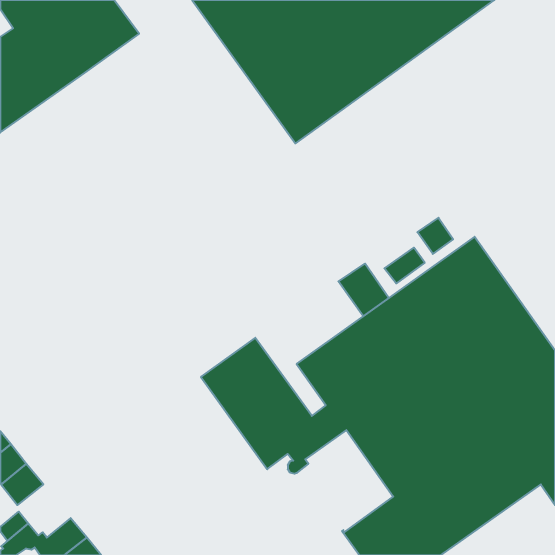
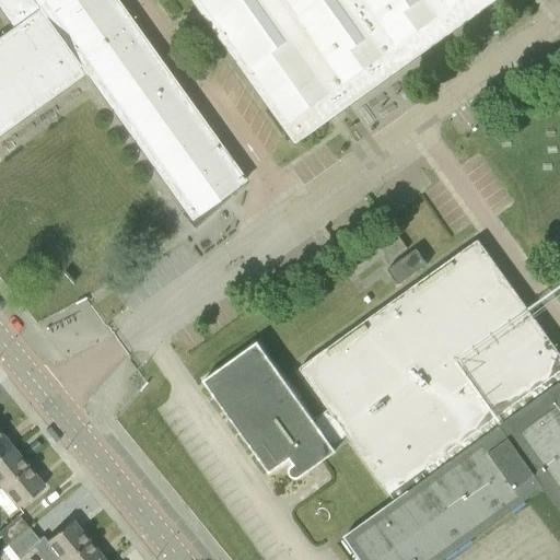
building: none -> [85,34,245,221]
building: [417,218,453,254] -> none
building: [338,264,389,316] -> none

